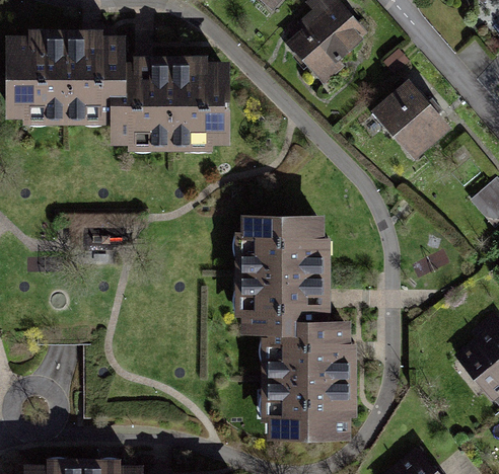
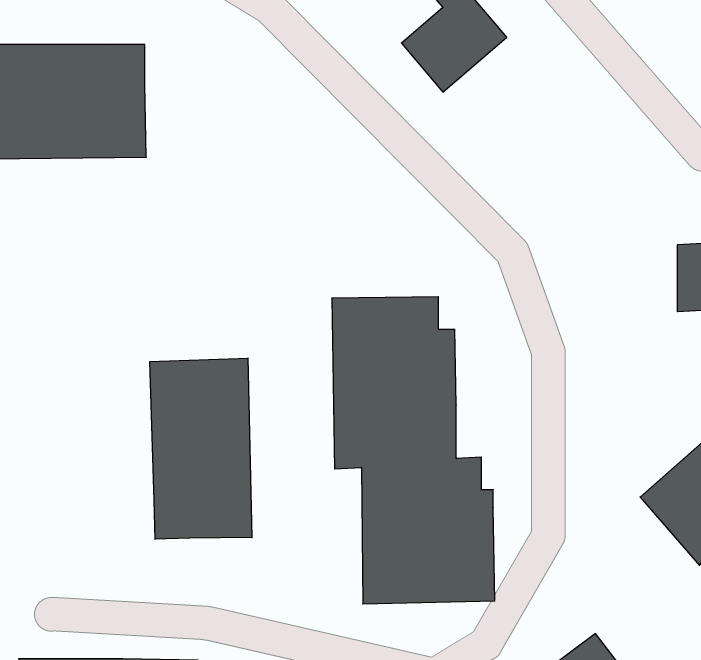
building: [115,71,219,144] -> none
building: [372,86,443,158] -> none
building: none -> [150,358,252,539]

